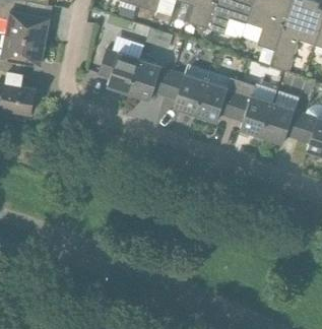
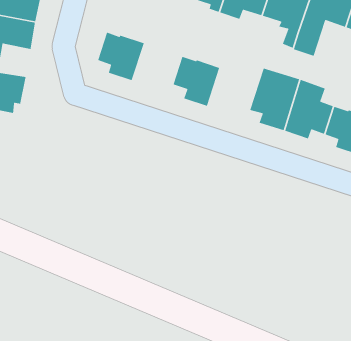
building: [128,59,172,100] -> none
building: [194,76,243,121] -> none

